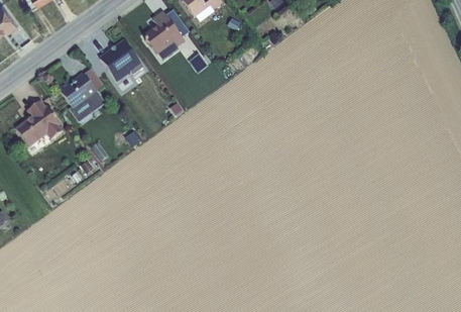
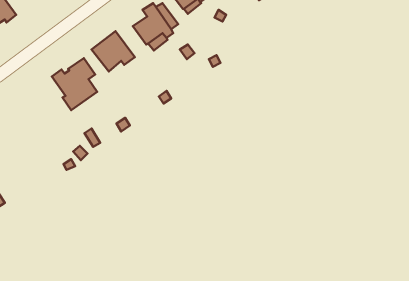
building: [15,100,62,147] -> none

